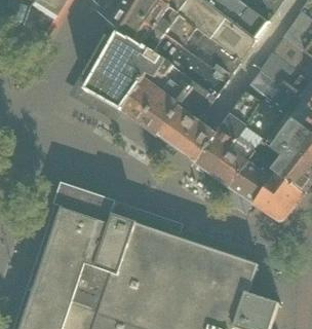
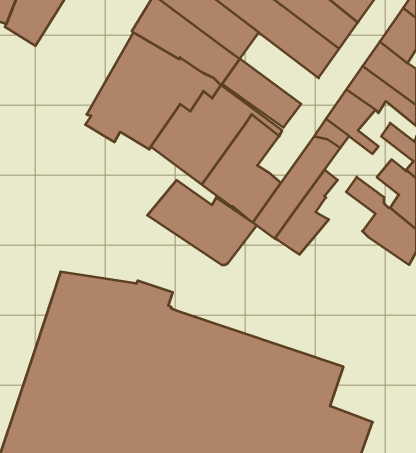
building: [187,29,242,79] -> none
building: [229,160,306,220] -> [147,180,257,265]

